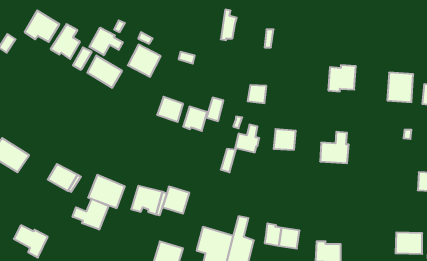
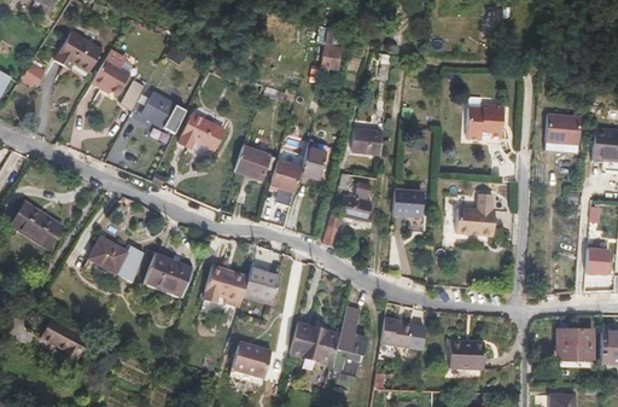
building: [89,28,123,55] -> none
building: [128,45,161,77] -> [180,114,225,157]
building: [73,199,108,230] -> none

